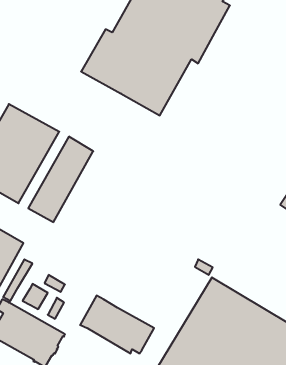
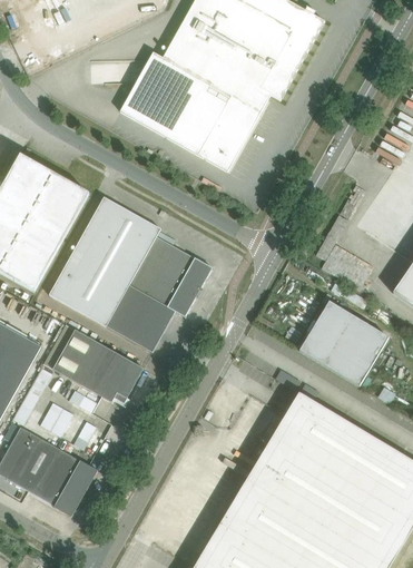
building: none -> [82,219,212,355]
building: none -> [299,302,389,386]
building: [80,296,154,353] -> [43,323,145,402]

